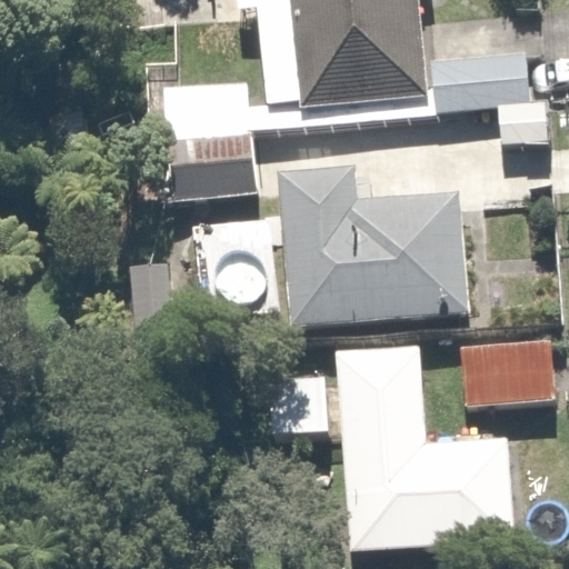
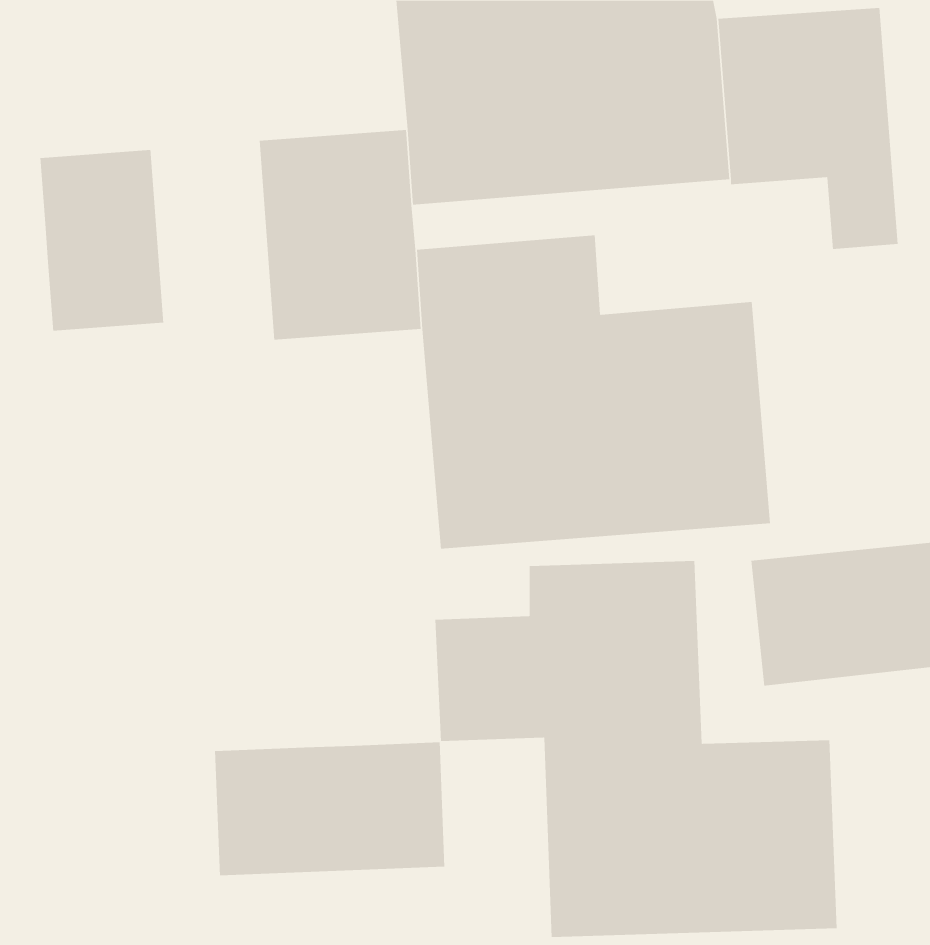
building: none -> [40,149,164,331]
building: none -> [214,742,445,876]

